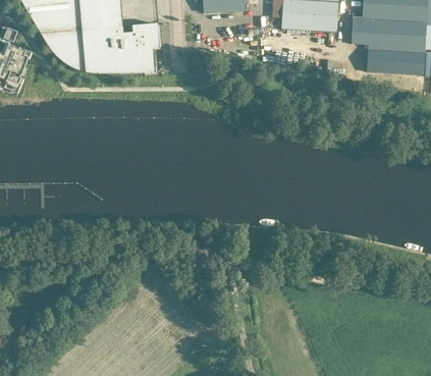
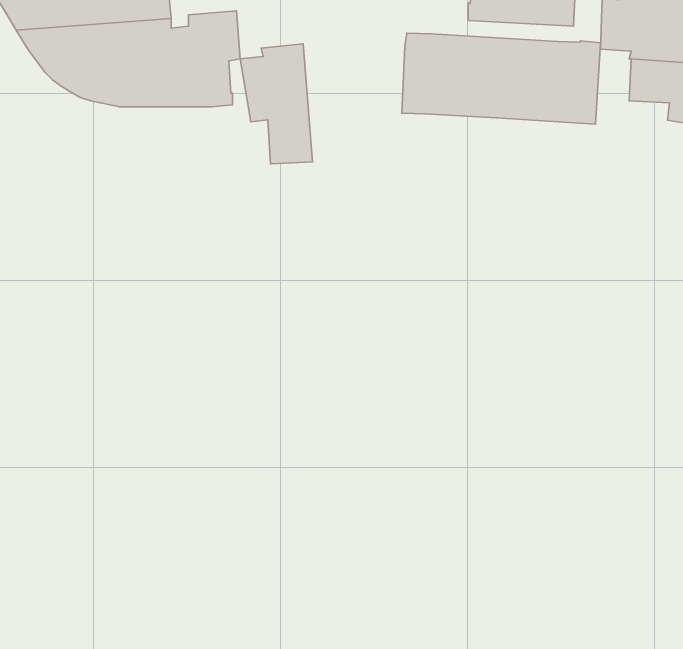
building: none -> [402,33,601,124]
building: none -> [240,44,312,164]

